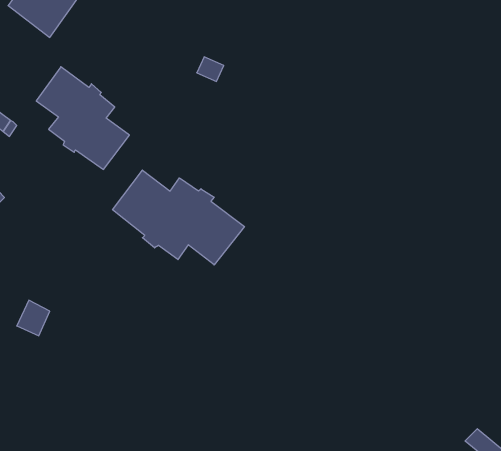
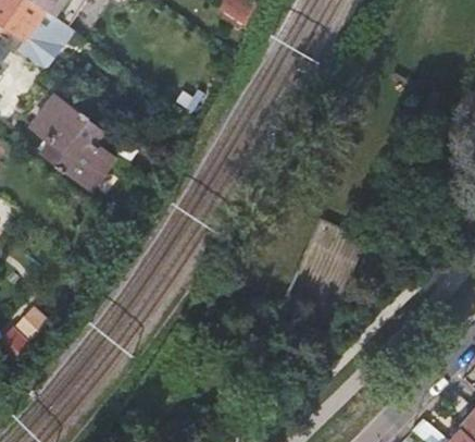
building: [113,170,244,265] -> none

